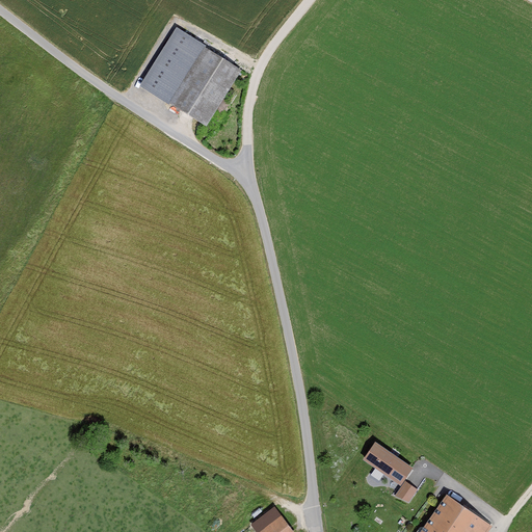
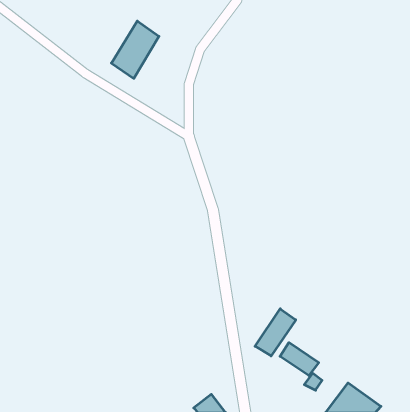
building: [172,48,242,124] -> none
building: none -> [255,309,296,356]

